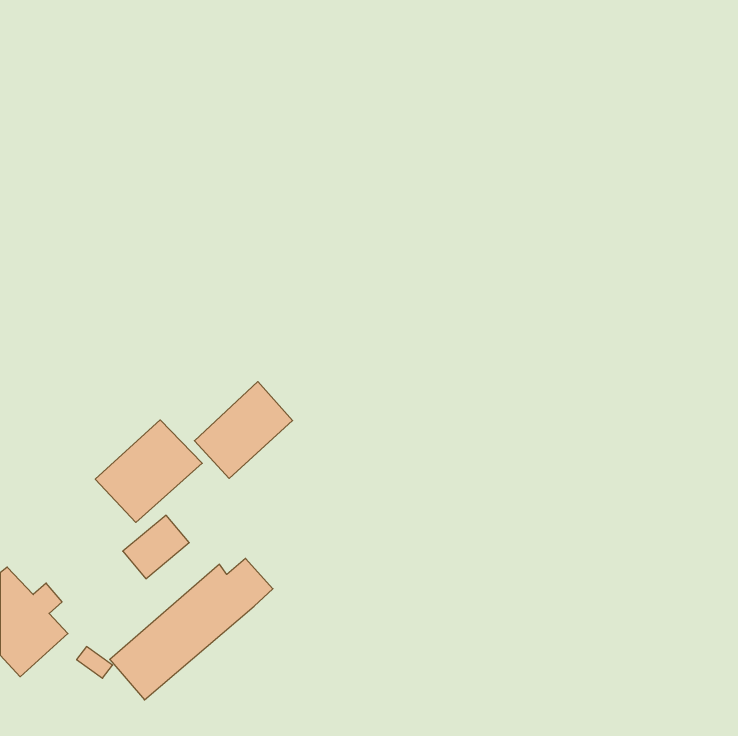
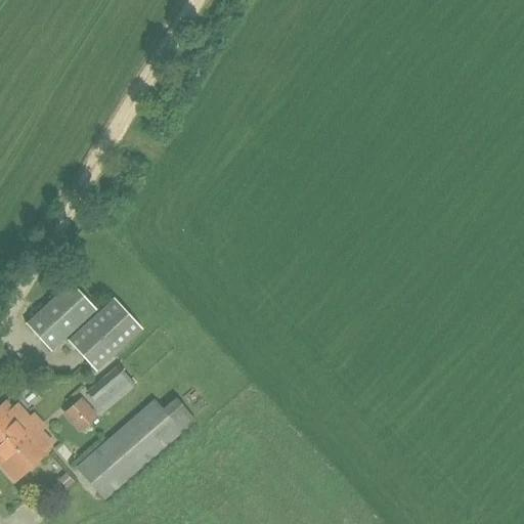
building: [194,382,293,478] -> [27,281,96,350]
building: none -> [64,398,96,430]

